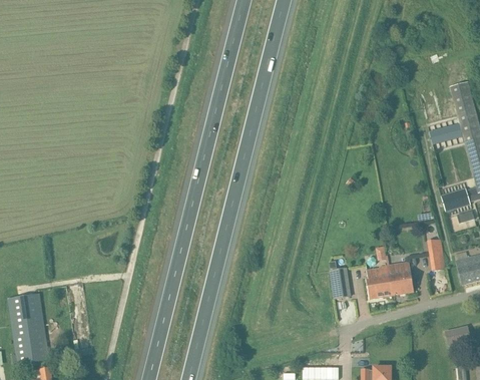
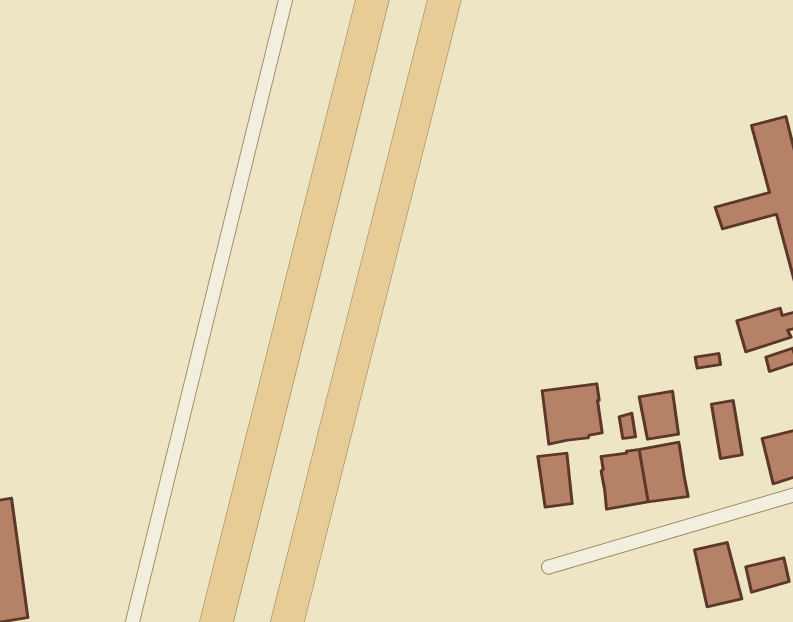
building: none -> [542,384,602,444]
building: none -> [639,391,678,439]
building: none -> [695,542,742,607]

